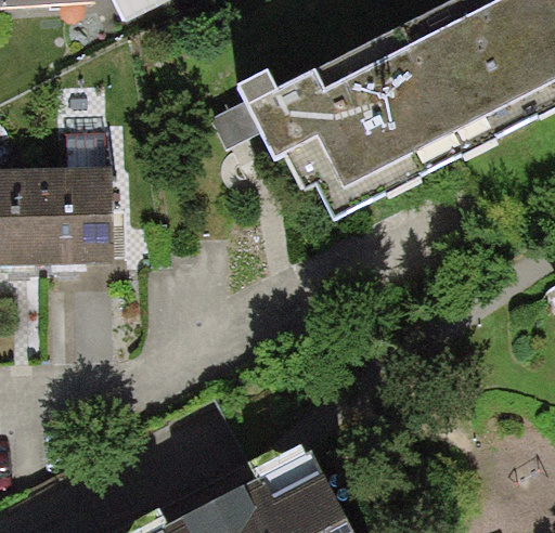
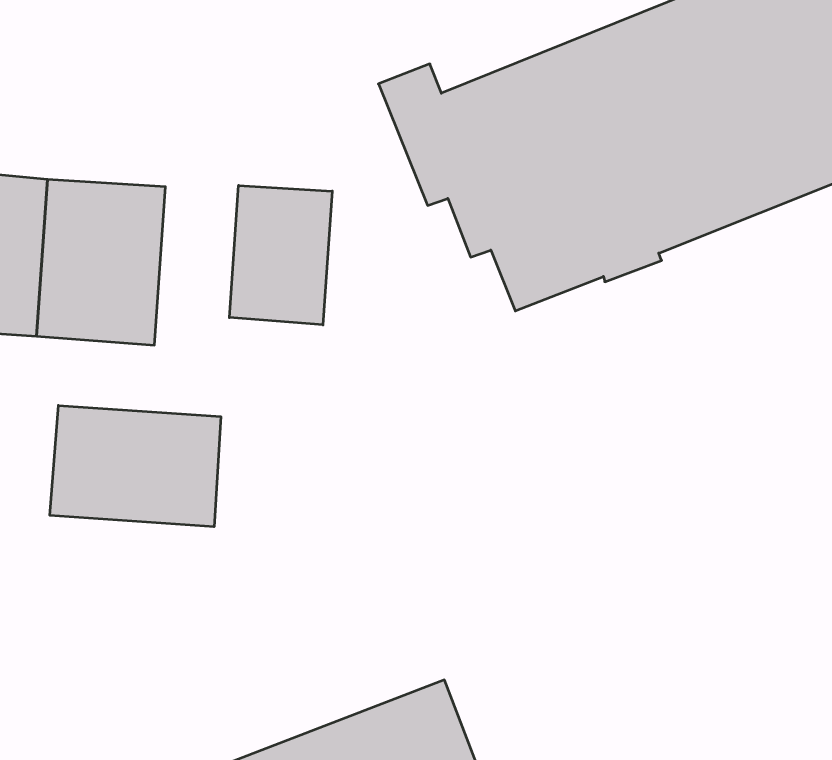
building: none -> [229,185,332,325]
building: none -> [50,405,221,527]

